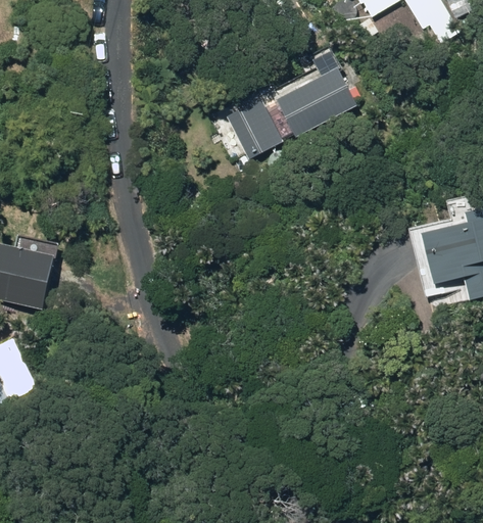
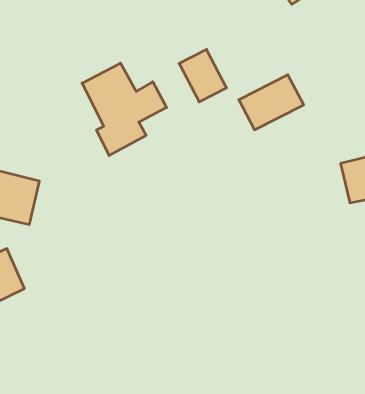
building: [276,67,355,135] -> [239,75,304,130]
building: none -> [82,63,167,156]

